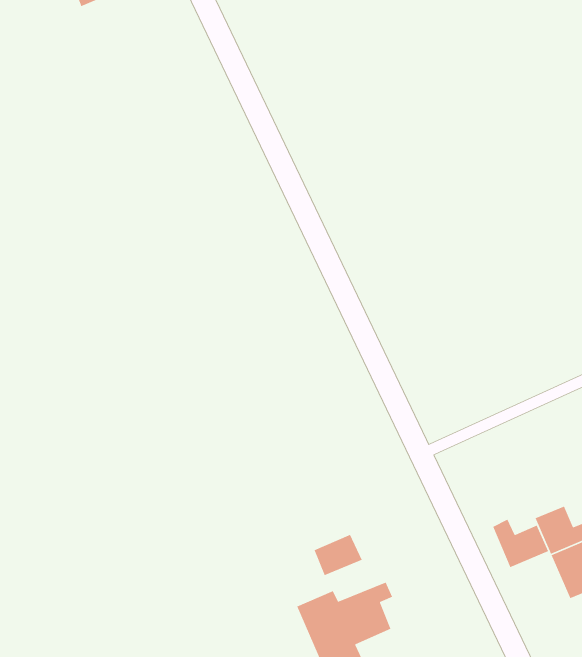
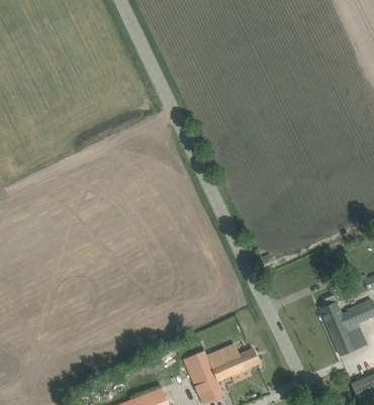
building: [492,518,549,568] -> none
building: [314,534,363,576] -> [230,347,259,372]

